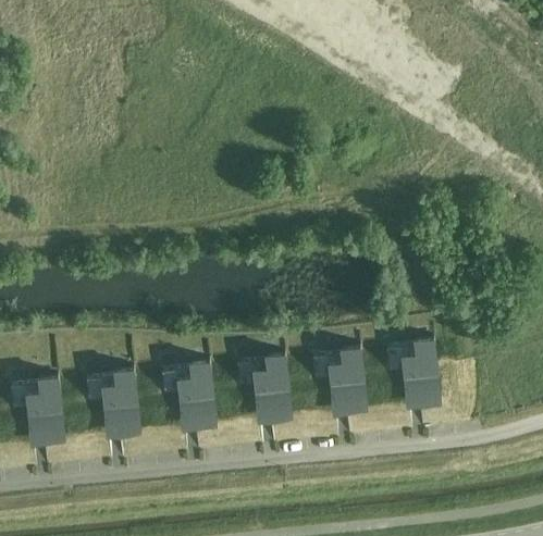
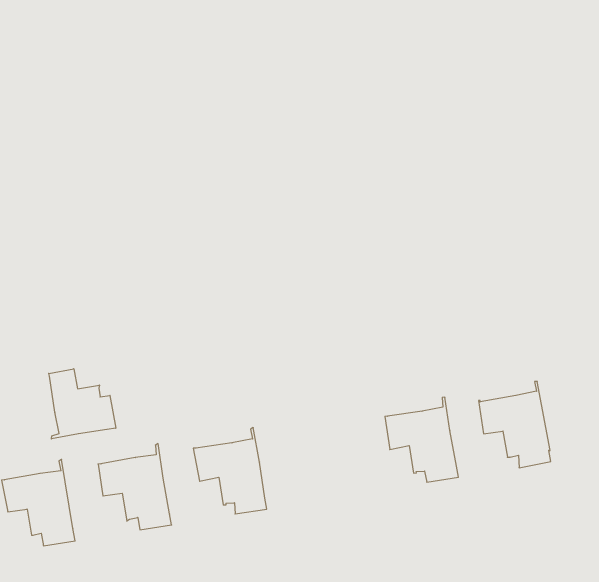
building: none -> [49,369,116,439]
building: [237,350,292,415] -> none

